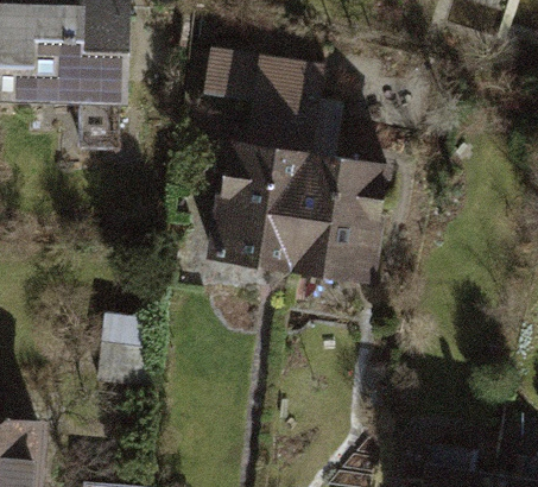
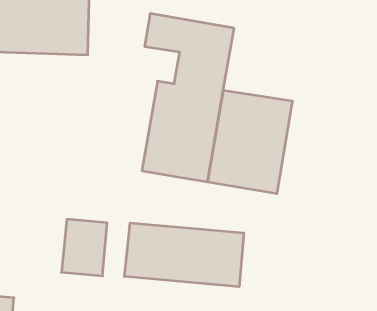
building: none -> [125,223,244,287]

